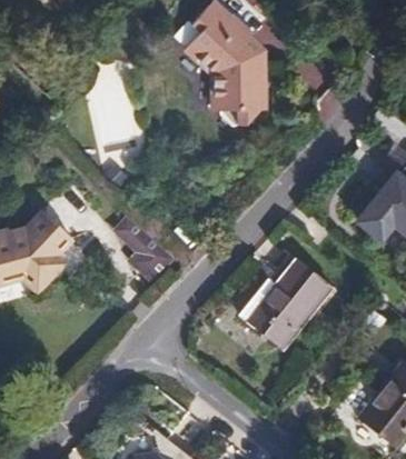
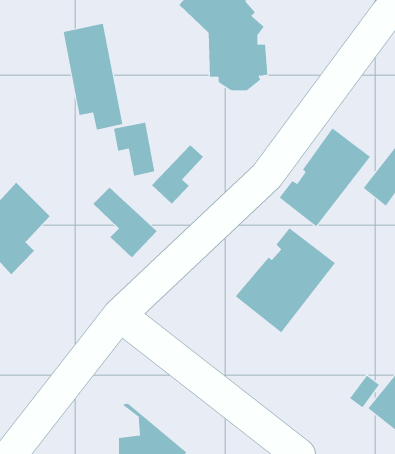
building: none -> [113,122,155,177]
building: none -> [279,128,371,227]
building: none -> [151,145,204,205]

